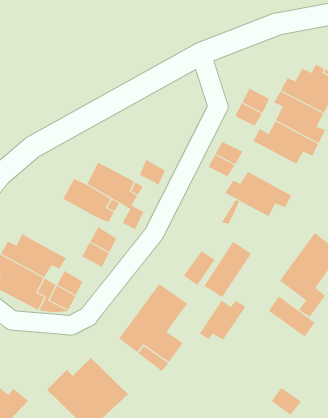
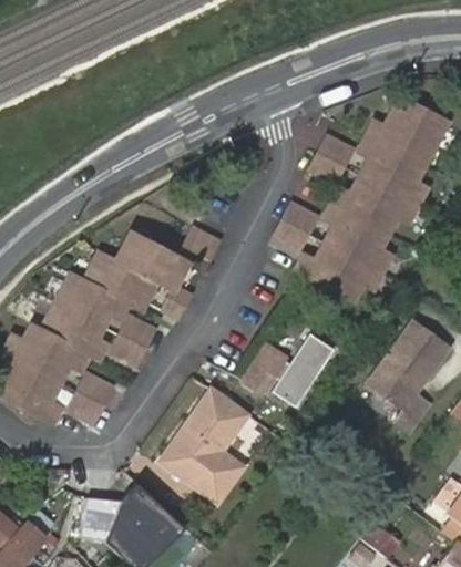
building: none -> [325,204,395,274]
building: none -> [45,271,133,359]
building: [268,296,316,337] -> none
building: [199,300,246,341] -> none

